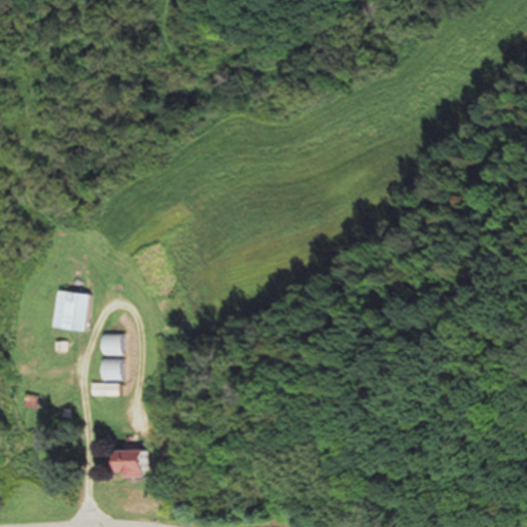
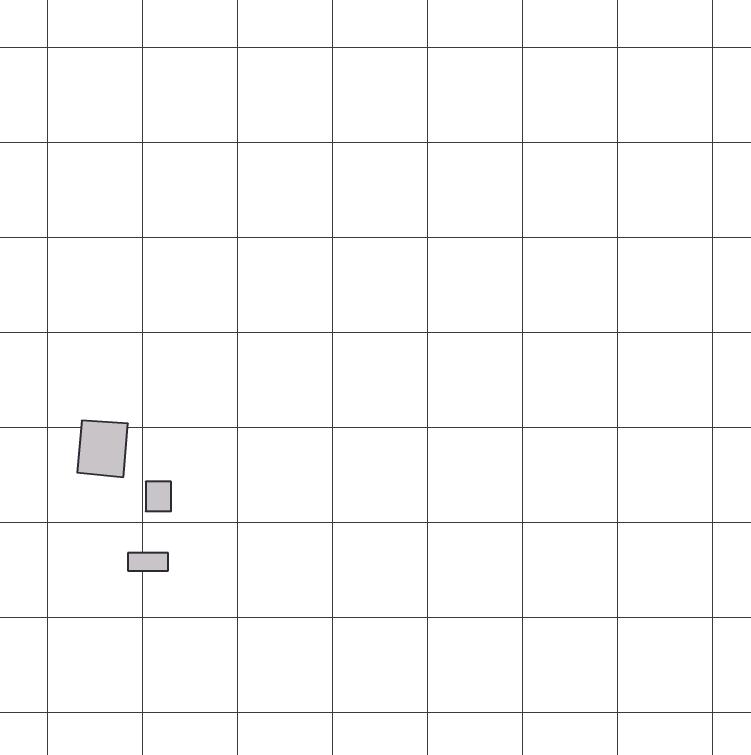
building: [100,358,118,379] -> none
building: [121,450,146,477] -> none

